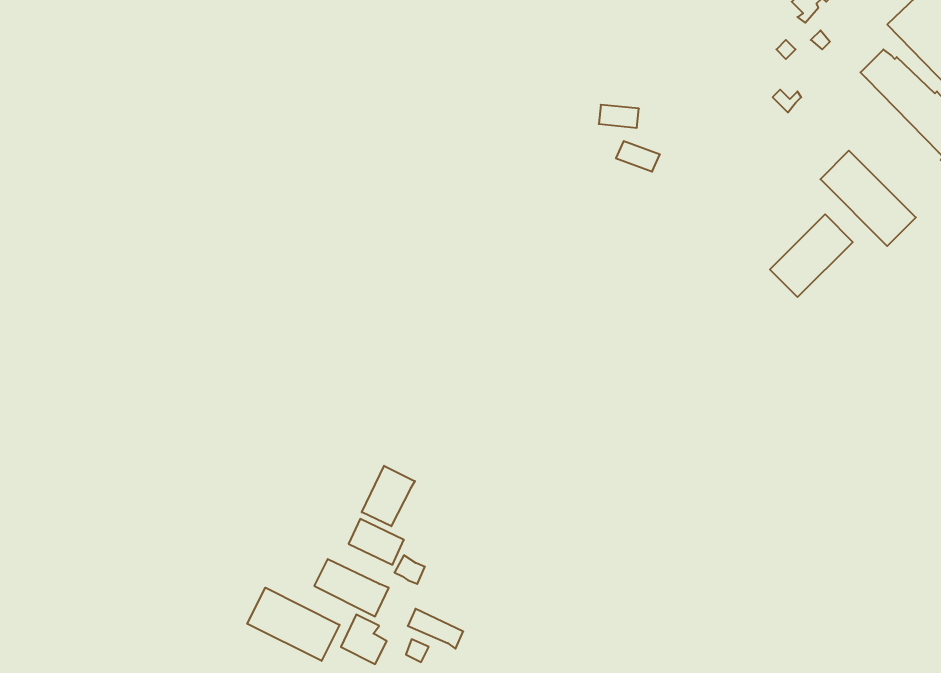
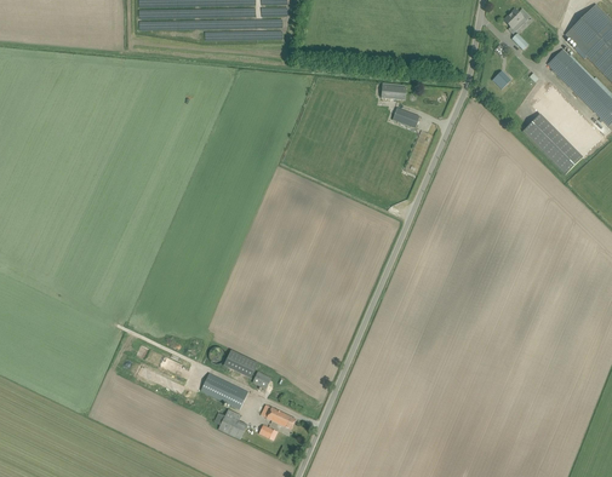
building: [770,214,853,297] -> none
building: [362,466,415,526] -> none
building: [247,588,340,661] -> none

